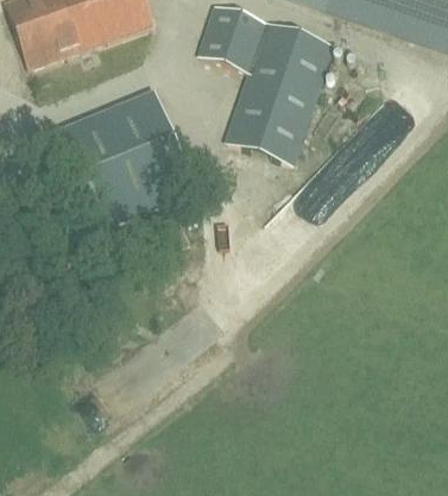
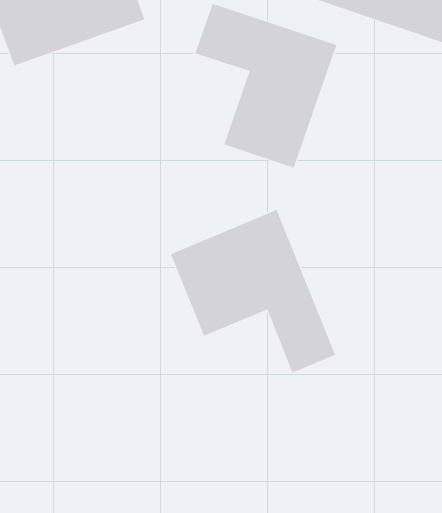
building: [53,90,191,228] -> none
building: none -> [170,209,336,374]

